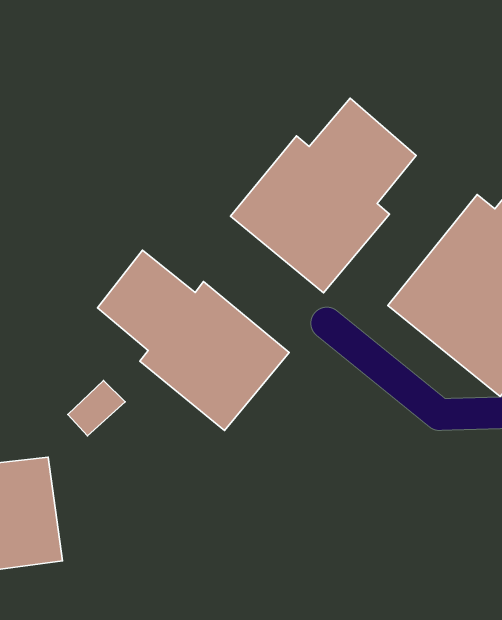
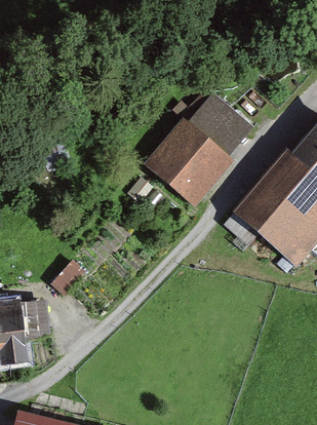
building: [97,250,289,431] -> none

